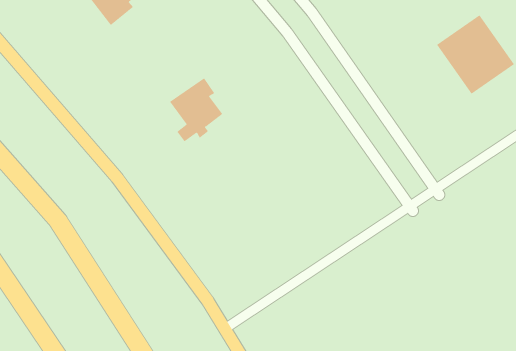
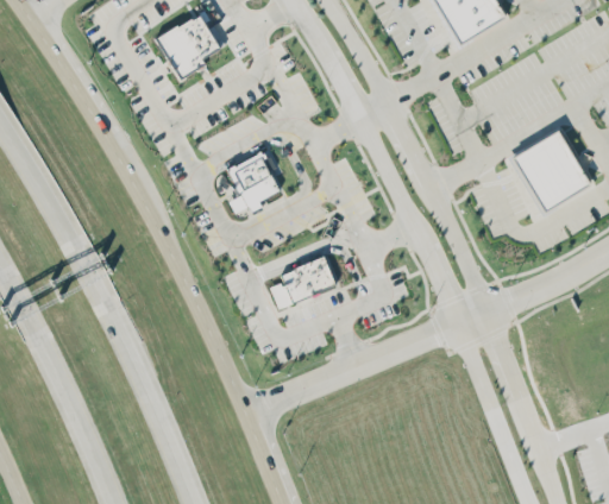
building: none -> [271,256,337,307]

